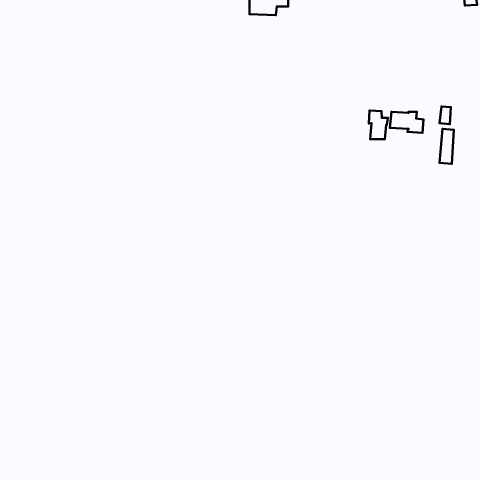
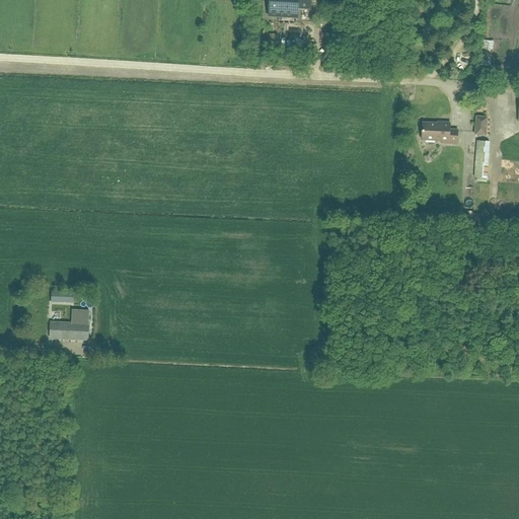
building: [369,111,388,139] -> none
building: none -> [51,309,88,338]

